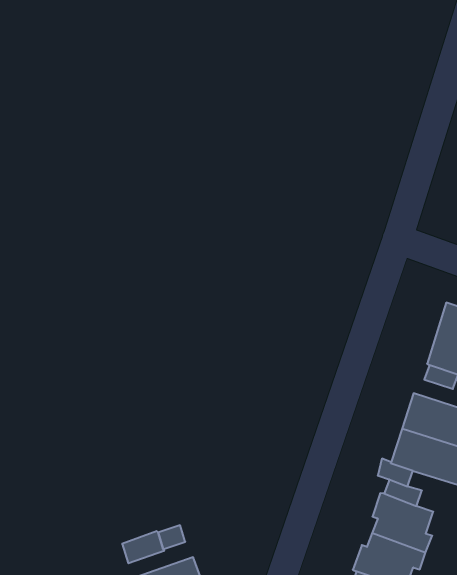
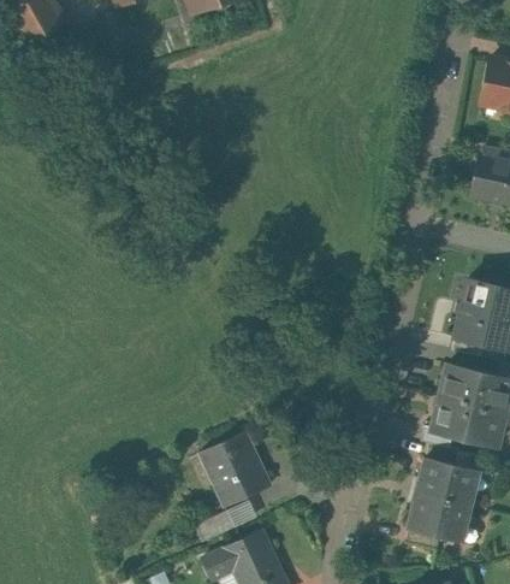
building: none -> [201,431,271,506]

